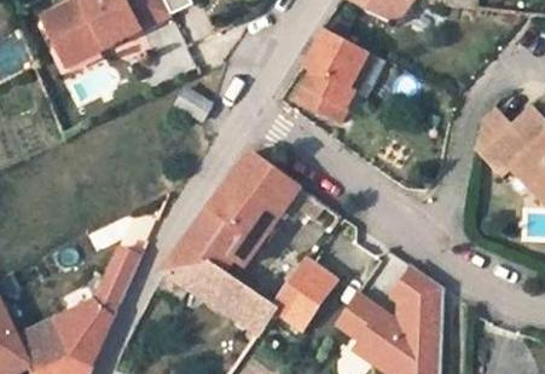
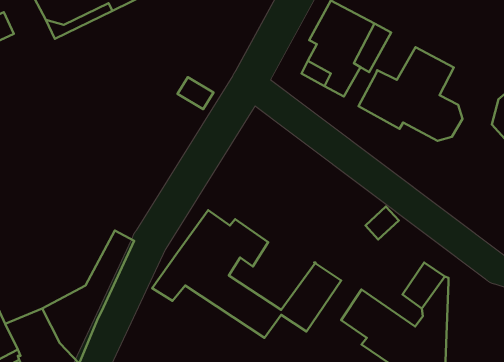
building: none -> [358,47,462,141]
building: [209,165,326,255] -> none

